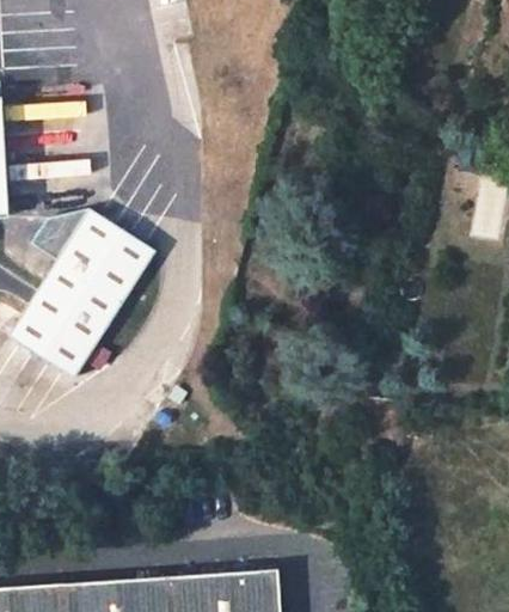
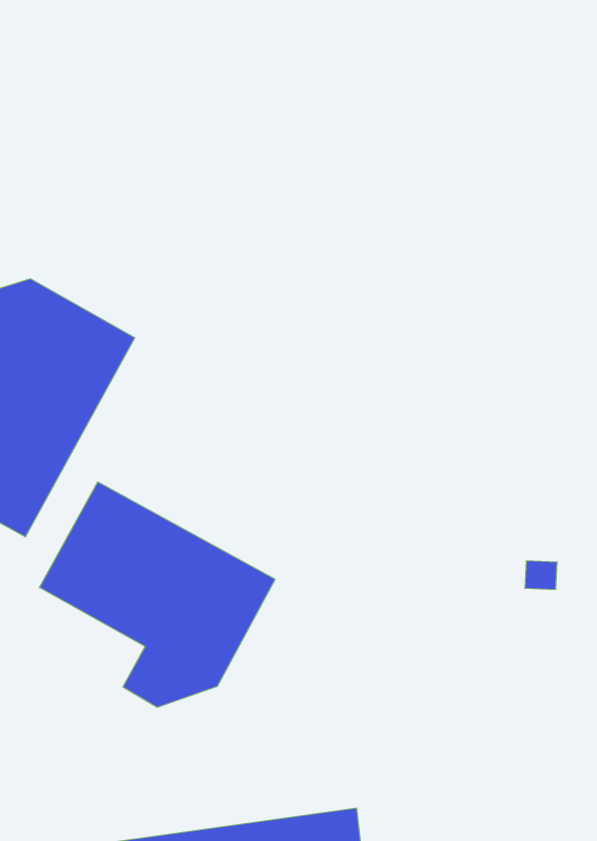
building: none -> [39,482,275,707]

